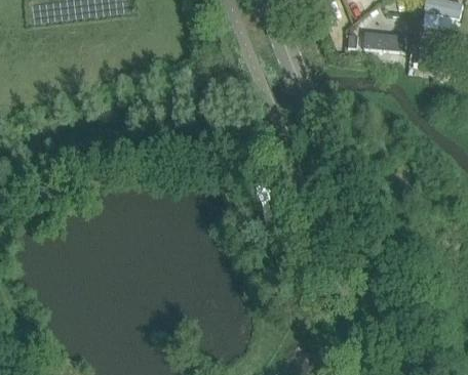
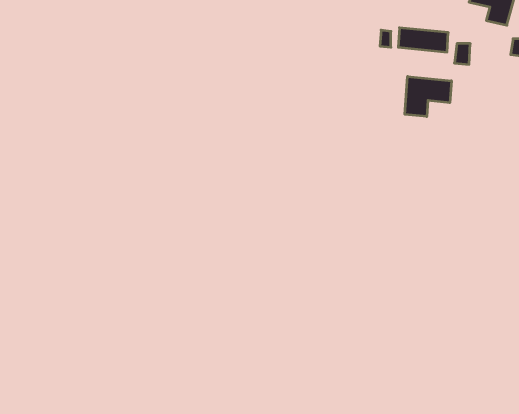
building: none -> [405,76,451,117]

